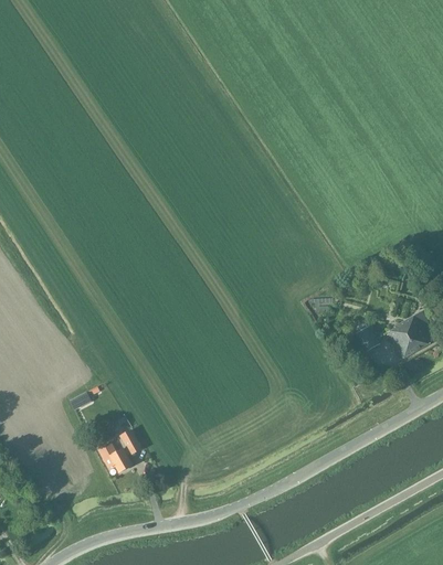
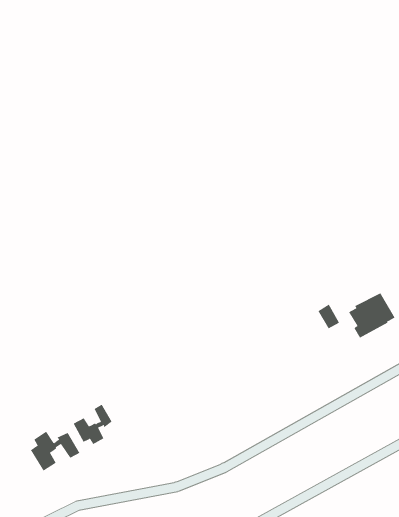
building: none -> [30,431,80,471]

